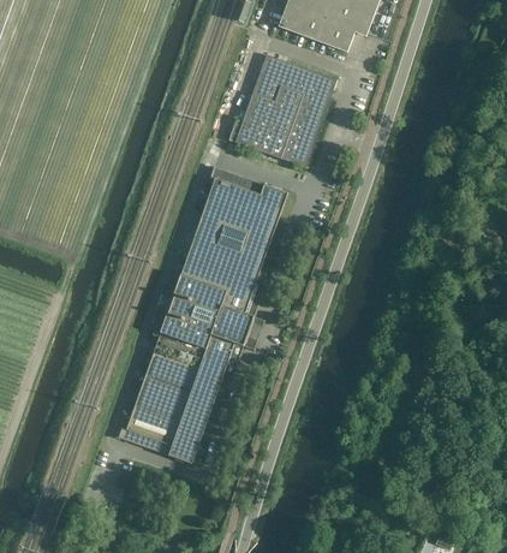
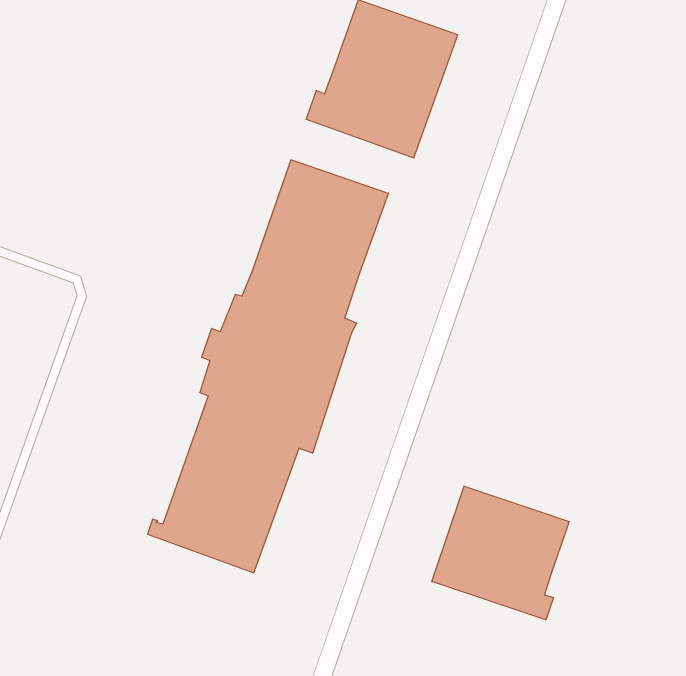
building: none -> [432,486,569,620]

